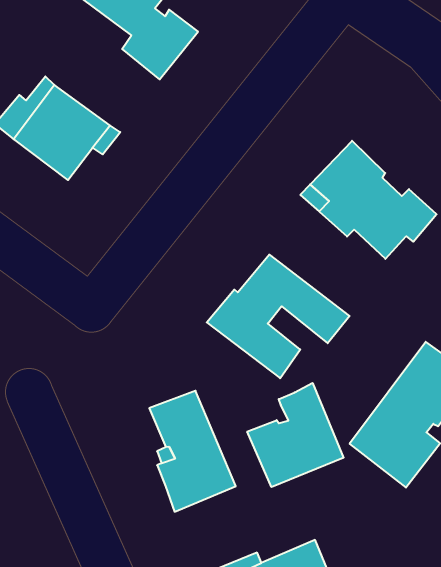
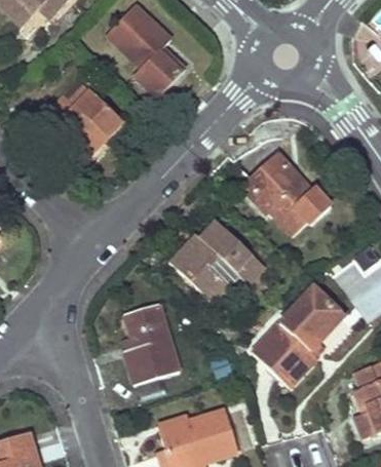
building: [247,383,344,487] -> none

